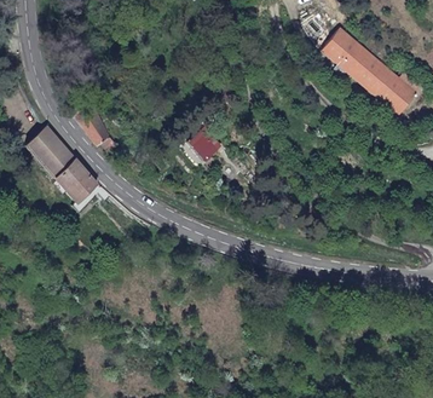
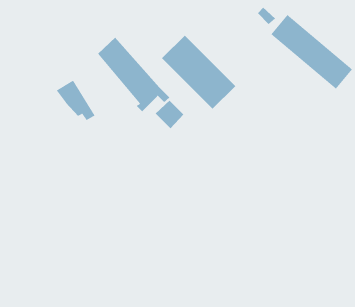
building: none -> [161,35,236,110]
building: [25,126,110,213] -> [97,37,170,112]

